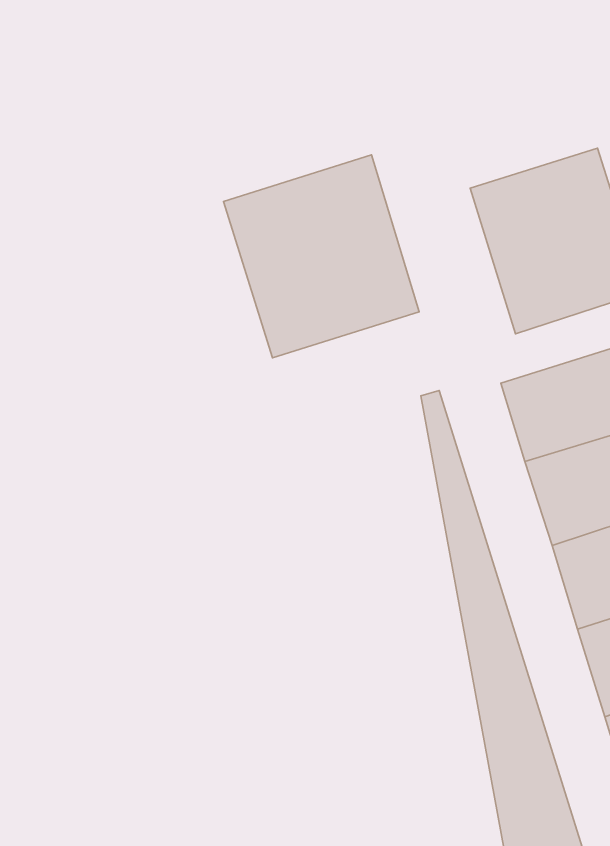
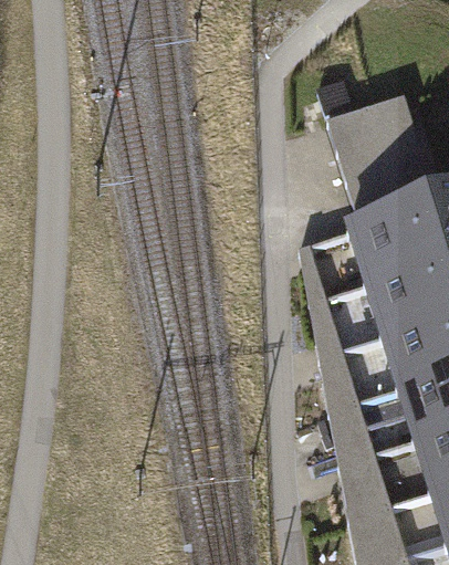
building: [223,155,419,358] -> none

